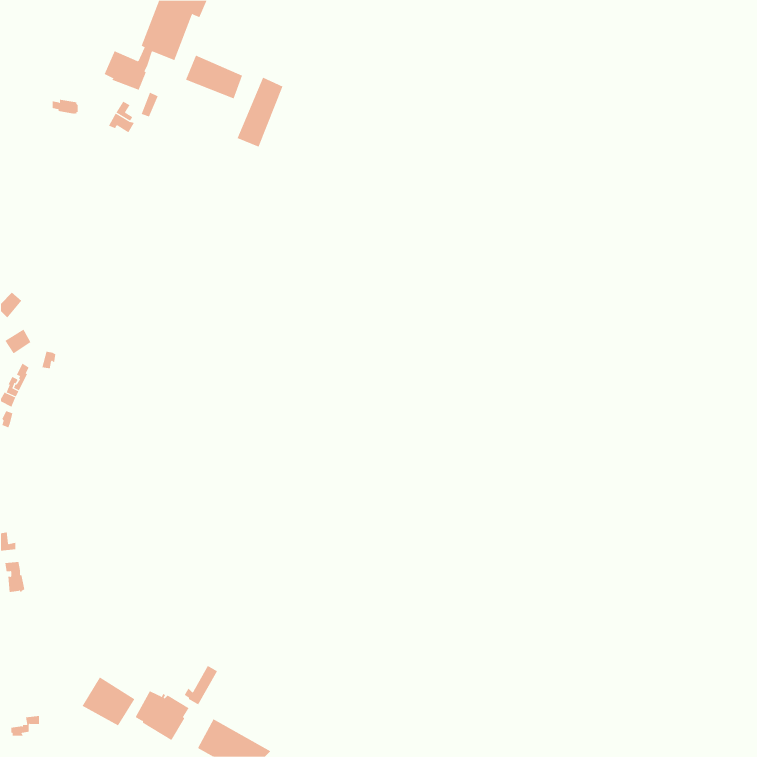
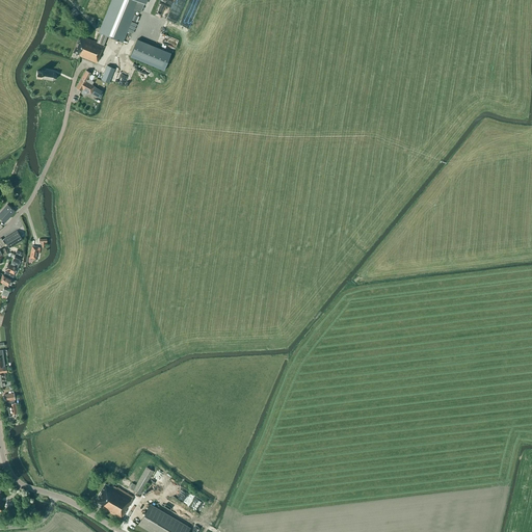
building: [237,77,283,147] -> none
building: [82,676,135,726] -> none

